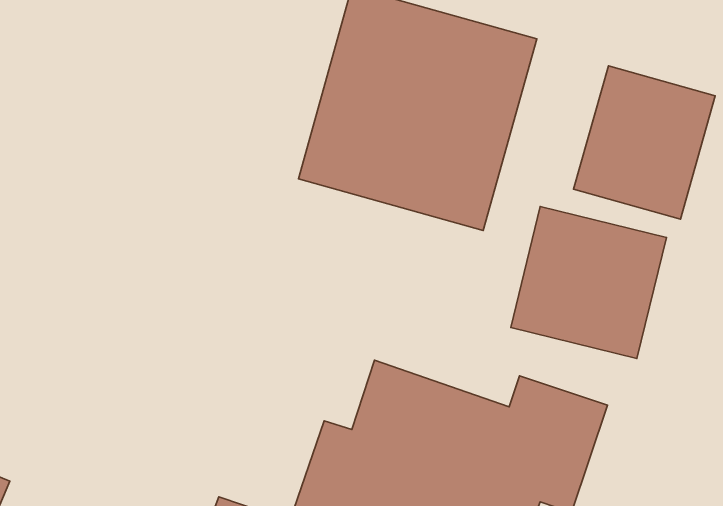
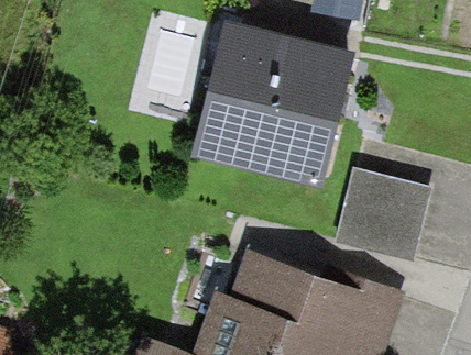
building: [574,66,715,219] -> none

